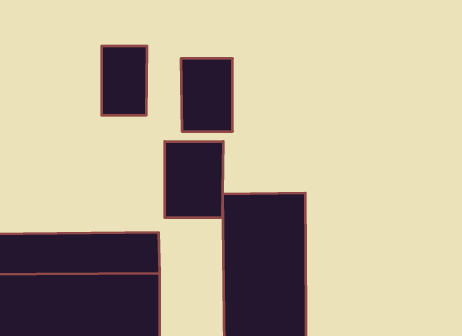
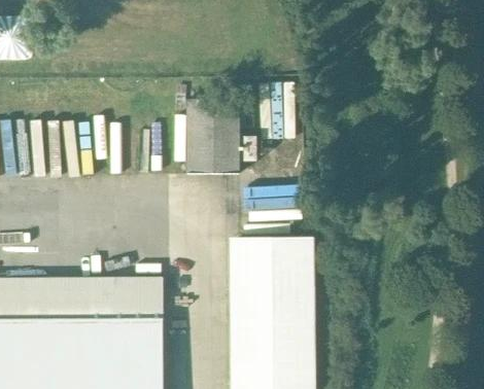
building: [102,46,147,115] -> none
building: [165,141,223,218] -> none

